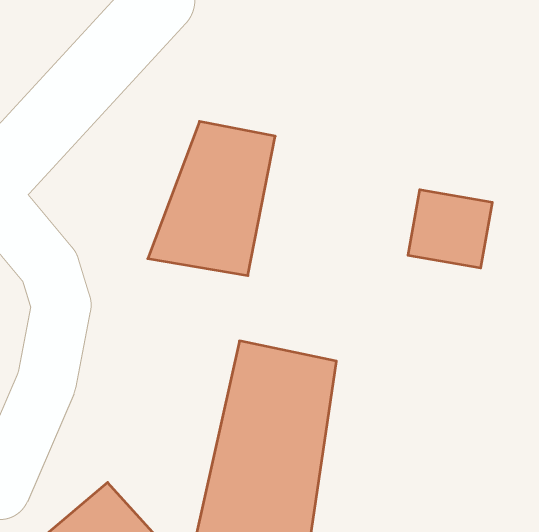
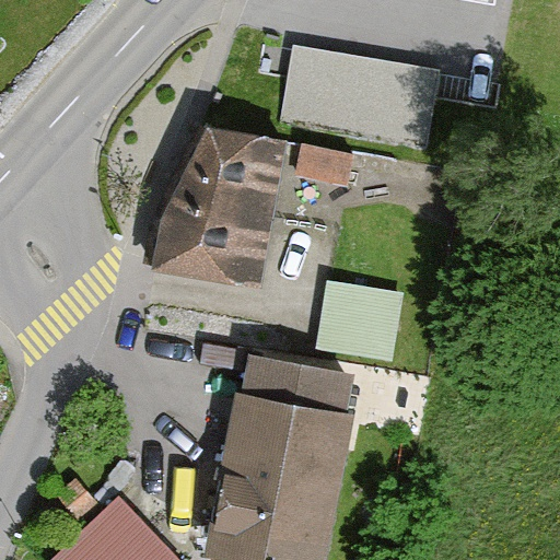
building: none -> [279,43,441,139]
building: [408,190,492,268] -> [315,275,402,355]

